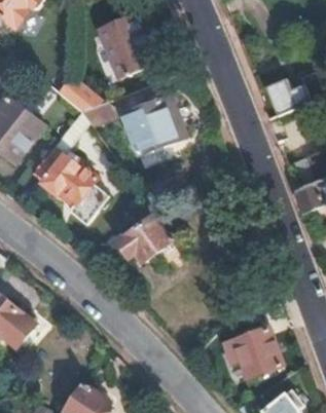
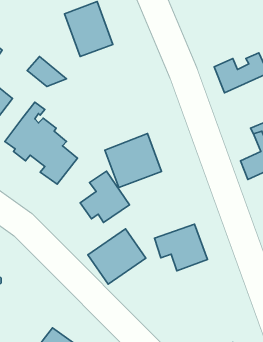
building: [122,95,185,154] -> [105,133,162,187]
building: none -> [88,229,146,284]
building: [222,326,281,377] -> [154,224,207,271]

